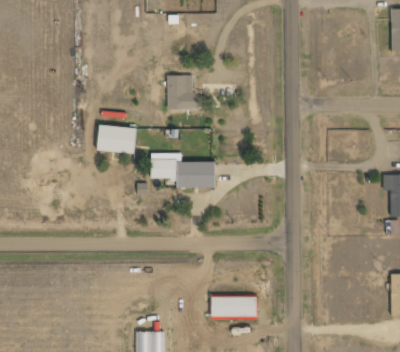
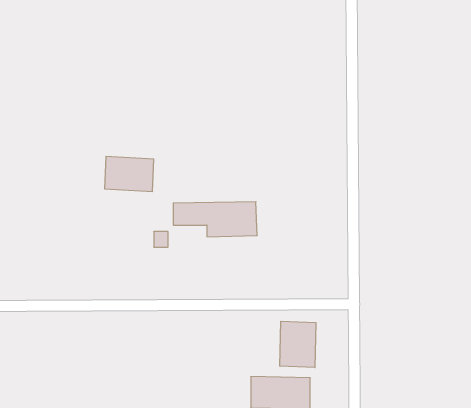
building: [166,75,199,109] -> none
building: none -> [280,321,316,368]

